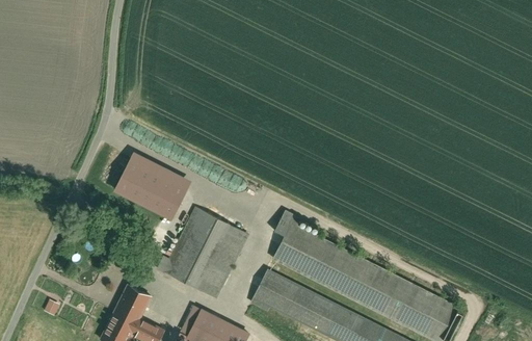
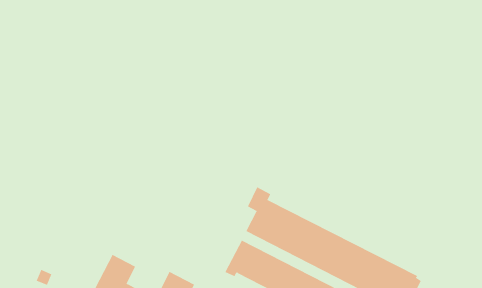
building: [118,149,197,217] -> none
building: [160,206,248,299] -> none

